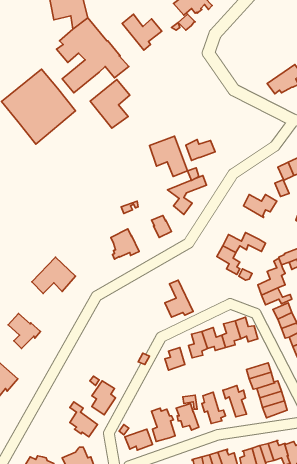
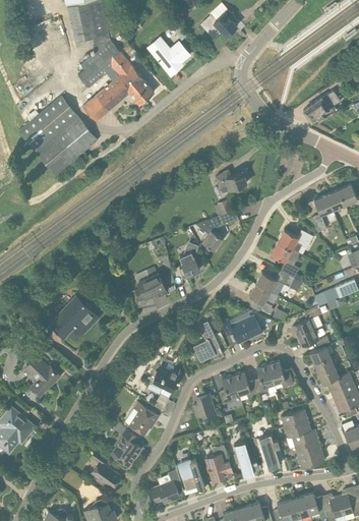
building: [90,80,130,128] -> none
building: [150,136,188,177] -> none
building: none -> [272,241,299,277]
building: none -> [222,315,261,342]
building: none -> [147,366,179,408]
building: none -> [125,402,159,433]

